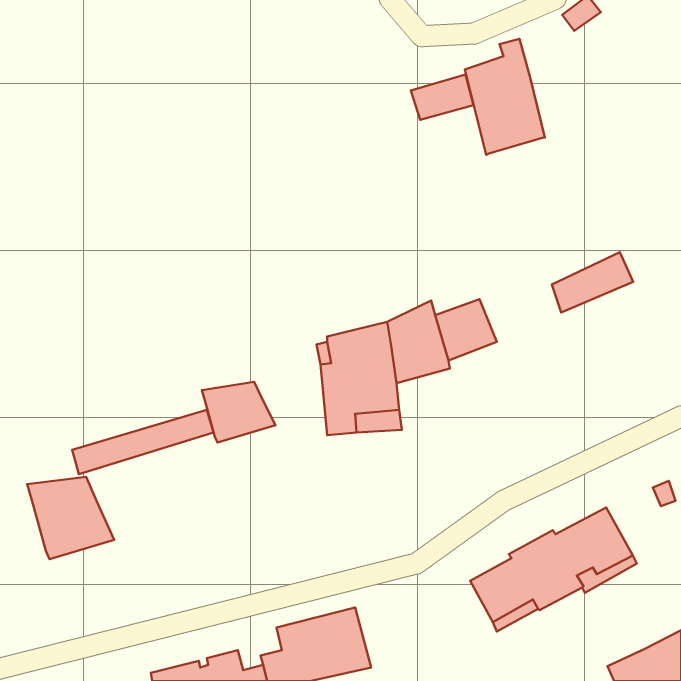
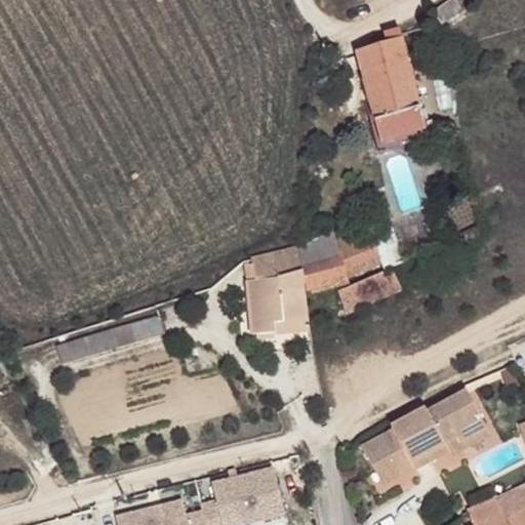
building: [411,74,474,120] -> [375,106,423,140]
building: [552,252,633,312] -> [337,267,400,313]
building: [202,382,275,442] -> none
building: [27,477,114,559] -> none

